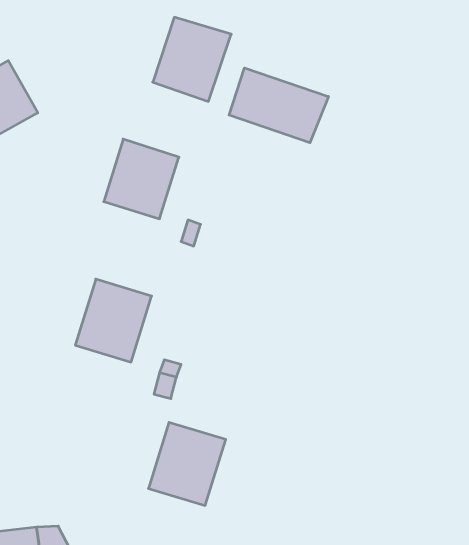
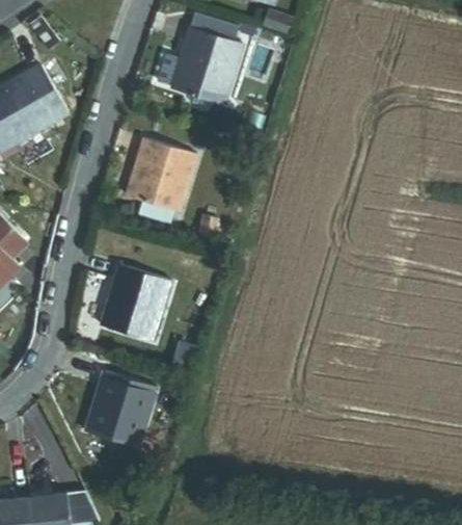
building: [229,68,328,143] -> none
building: [148,422,226,505] -> [85,371,156,447]

